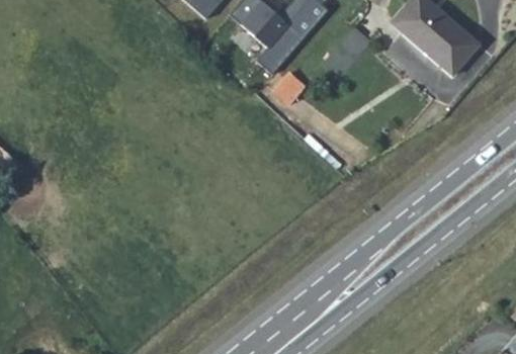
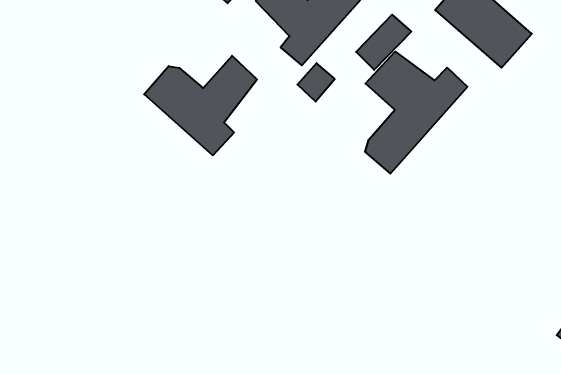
building: none -> [365,52,467,174]
building: none -> [144,56,257,155]

